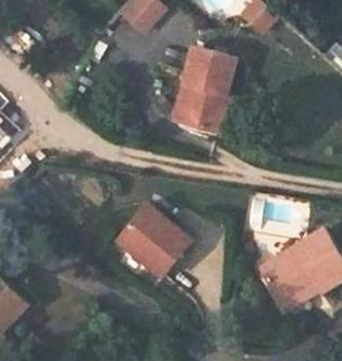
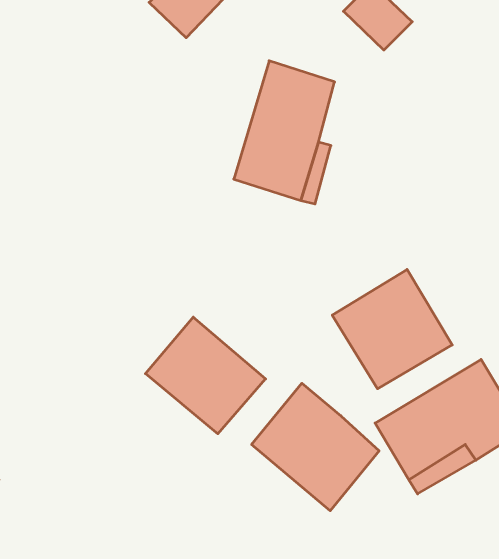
building: none -> [332,269,452,389]
building: none -> [252,383,379,511]

